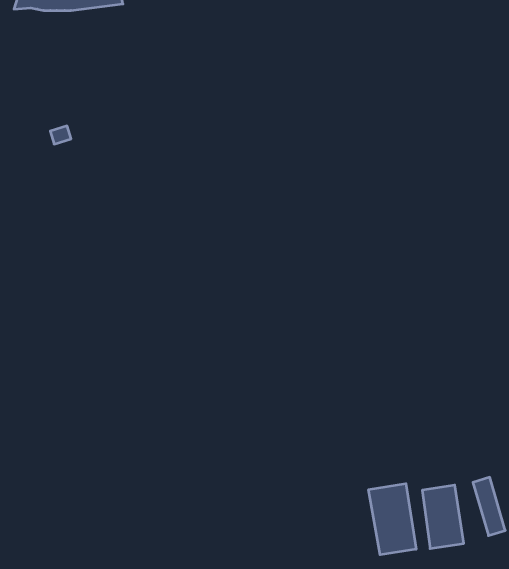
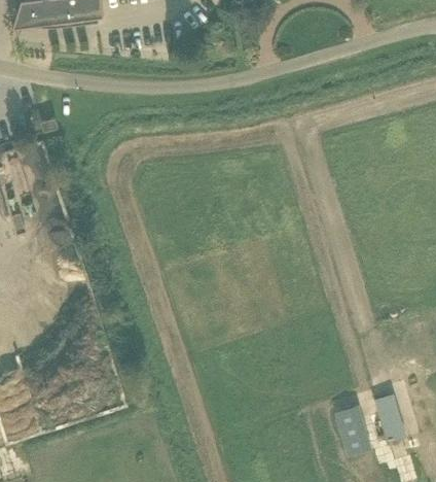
building: [369,484,416,555] -> none

